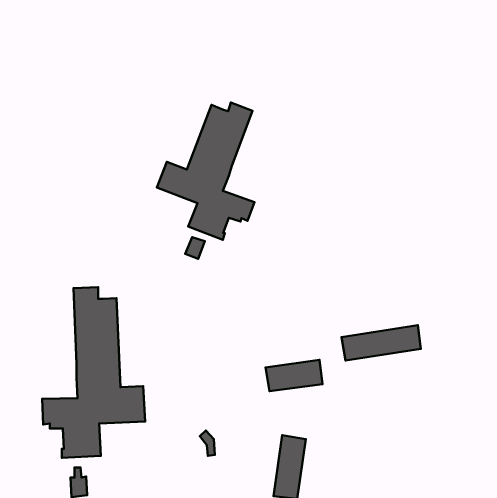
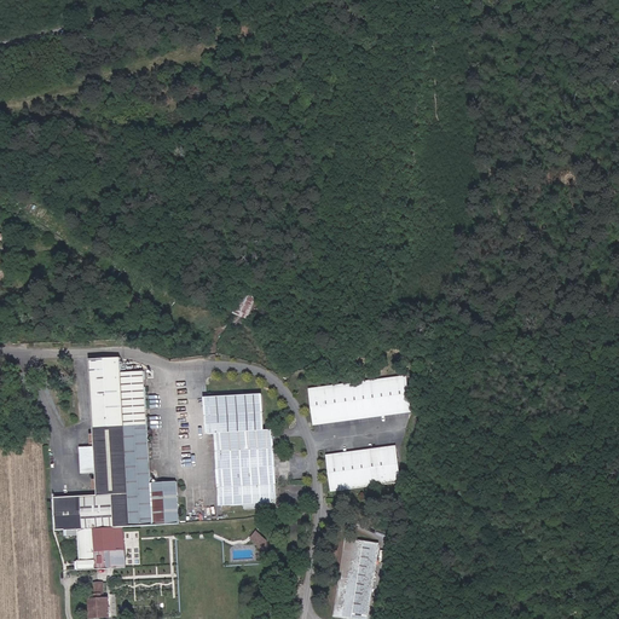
building: [157,103,254,240] -> none
building: none -> [204,392,277,507]
building: [341,325,421,361] -> [310,376,407,420]

